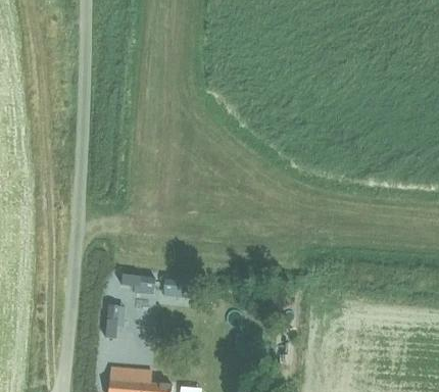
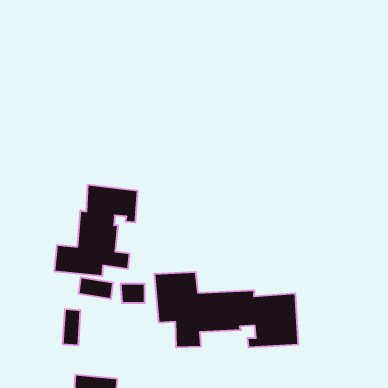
building: none -> [55,185,138,276]
building: none -> [154,272,298,348]

